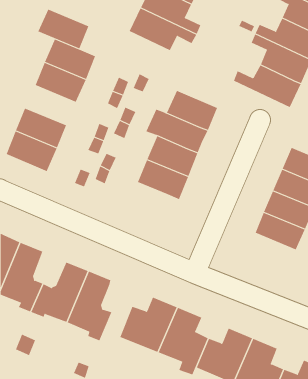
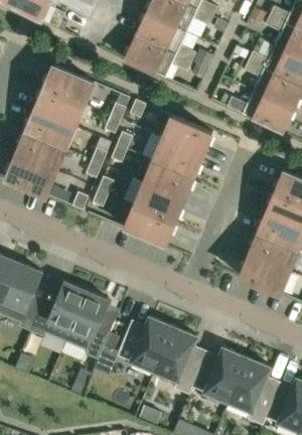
building: [37,9,89,49] -> [24,110,74,149]
building: none -> [125,204,175,244]
building: none -> [240,254,289,293]

